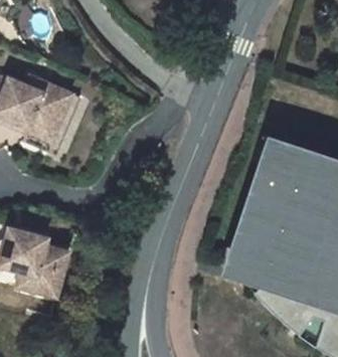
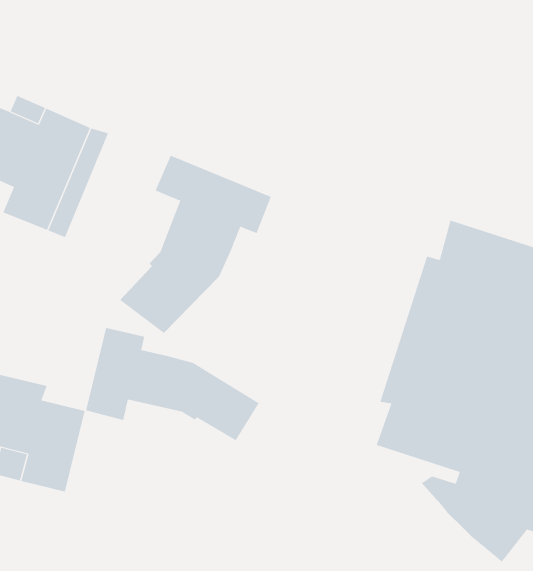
building: none -> [119,155,271,334]
building: none -> [85,327,260,441]

